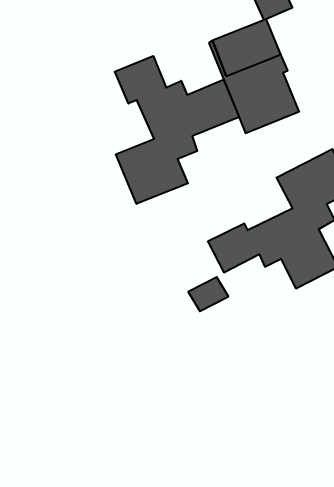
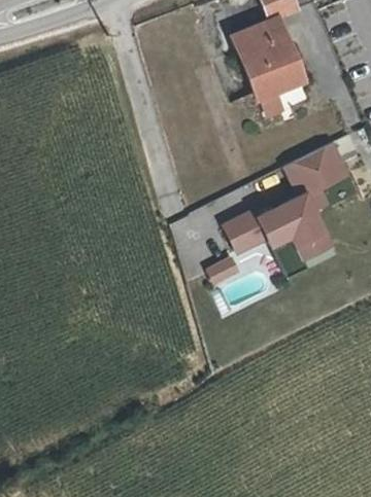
building: [115,56,239,204] -> none

